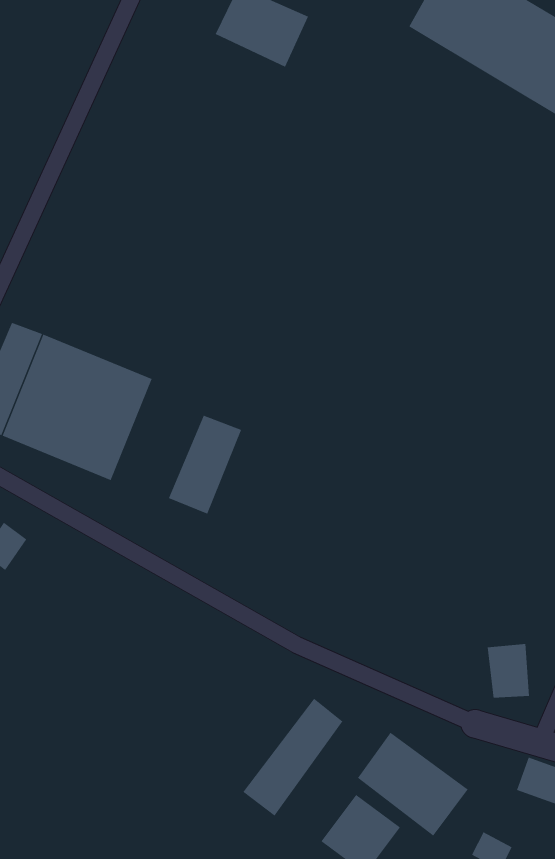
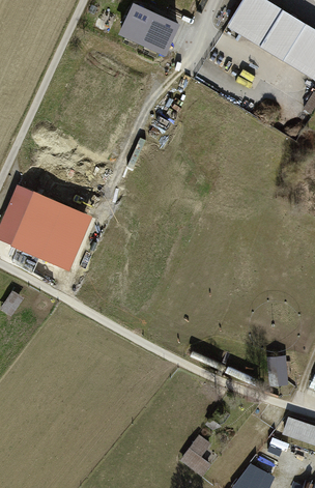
building: [168,415,242,515] -> none
building: [242,698,343,816] -> none
building: [357,732,468,836] -> none

